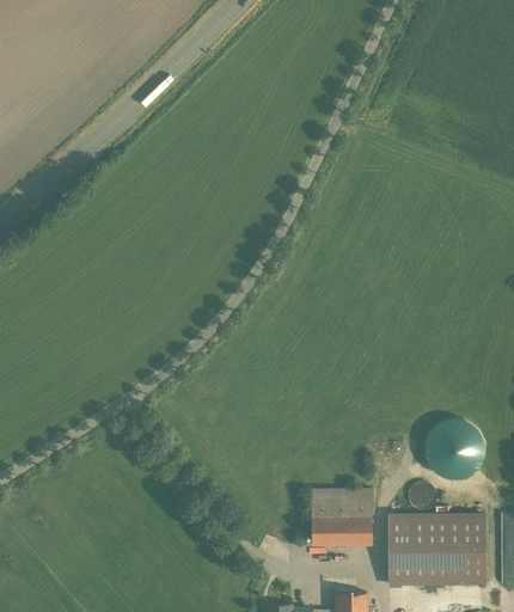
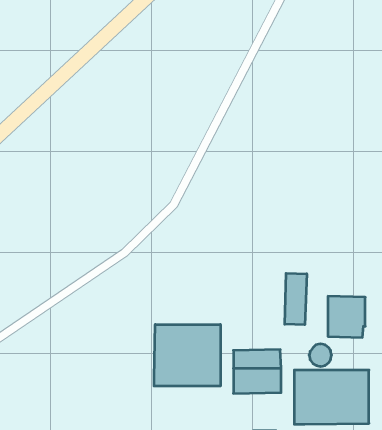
building: none -> [285,273,307,325]
building: none -> [154,324,220,386]

